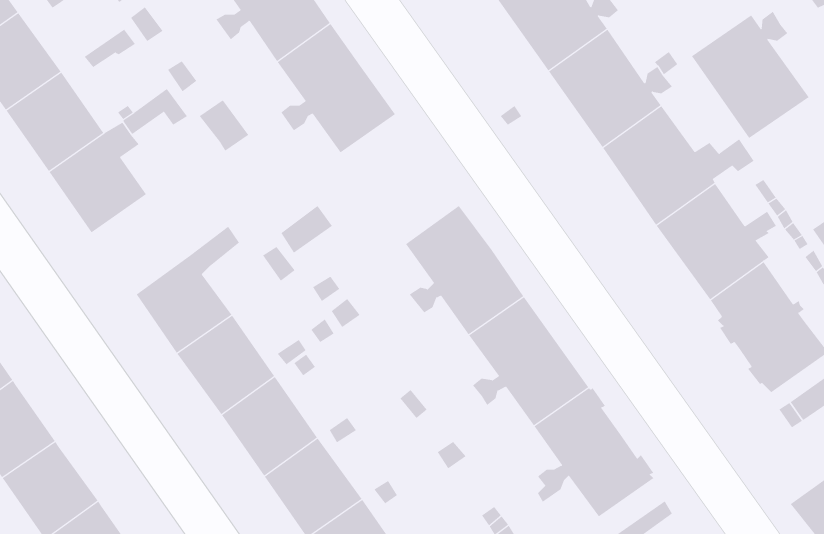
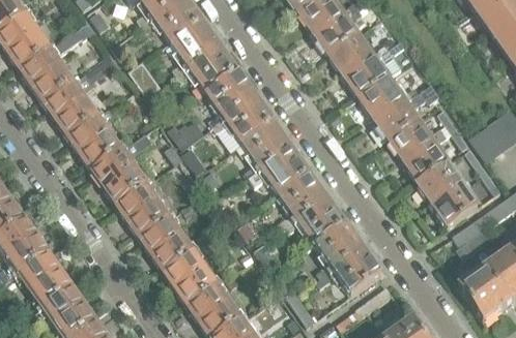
building: [691,11,809,139] -> none
building: none -> [207,70,275,143]
building: none -> [68,107,123,171]

